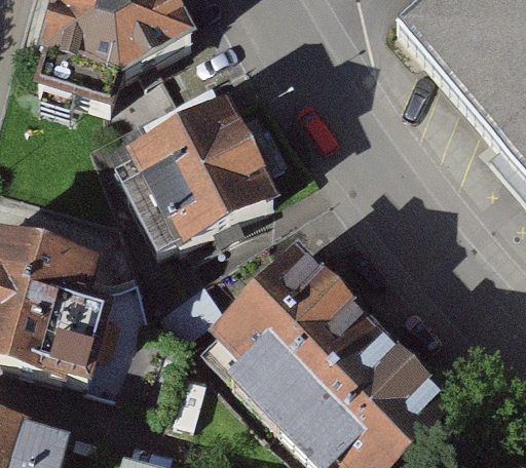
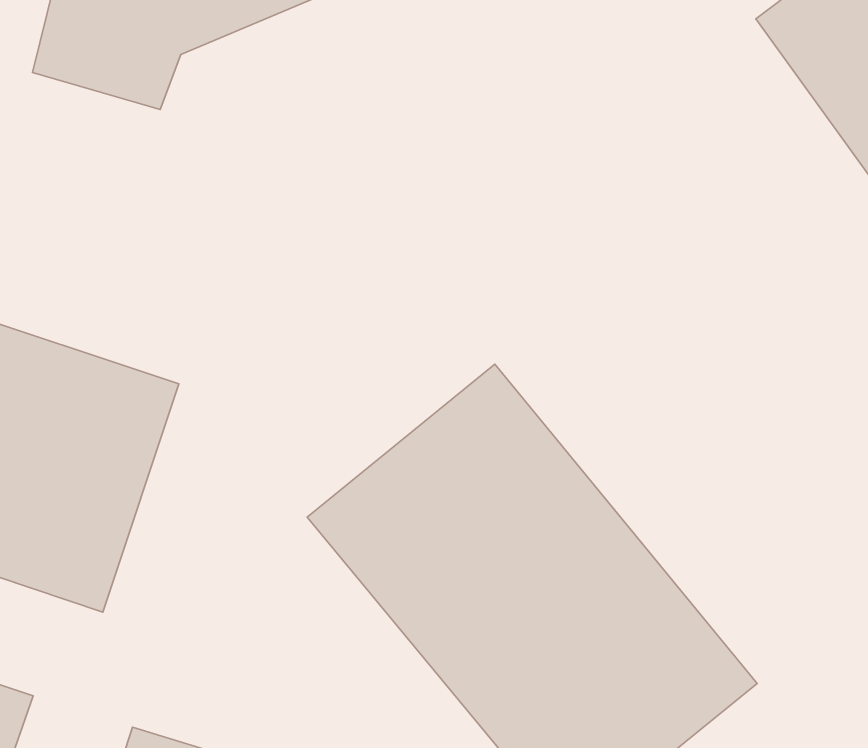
building: [122,95,275,252] -> none

